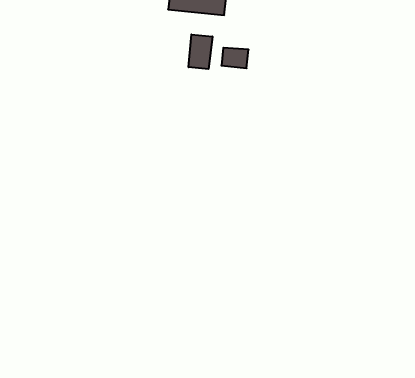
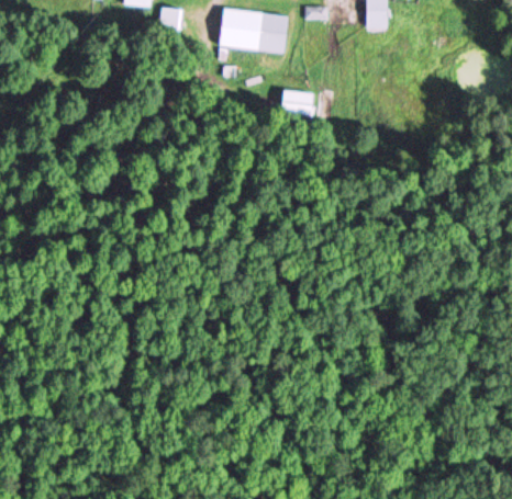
building: [189,34,212,69] -> none

